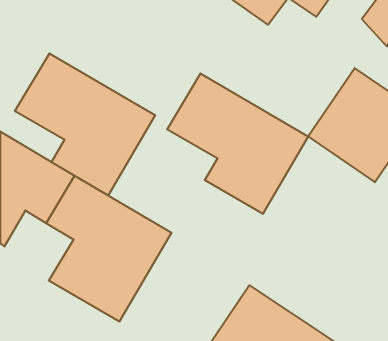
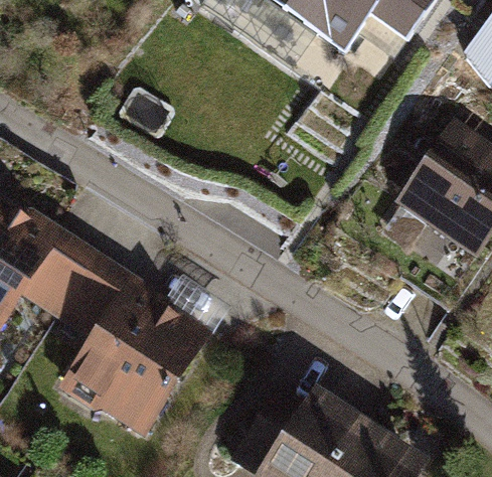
building: [15,53,155,195] -> none
building: [167,73,308,214] -> none

